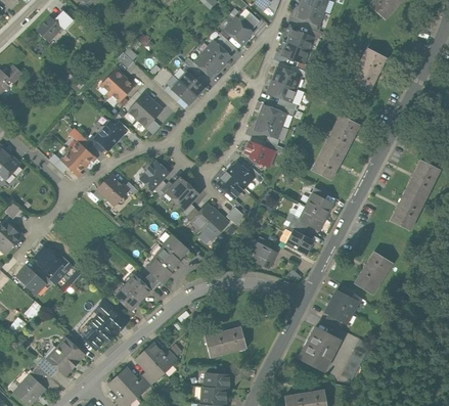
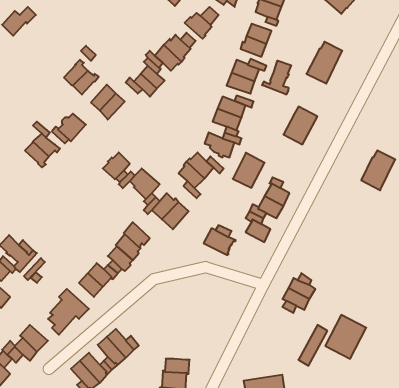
building: none -> [262,61,291,95]
building: [312,143,345,179] -> [233,153,265,188]
building: [96,174,128,205] -> none
building: [391,190,424,229] -> none
building: [355,252,393,295] -> none
building: [205,326,246,356] -> none
building: [299,326,341,371] -> [325,315,366,359]

